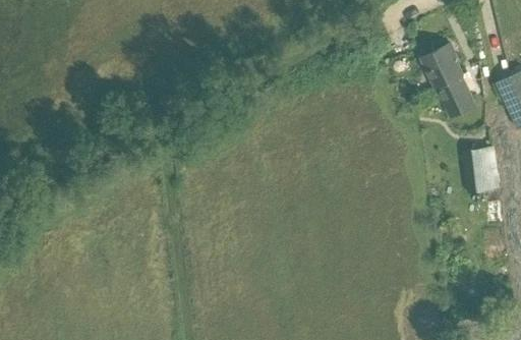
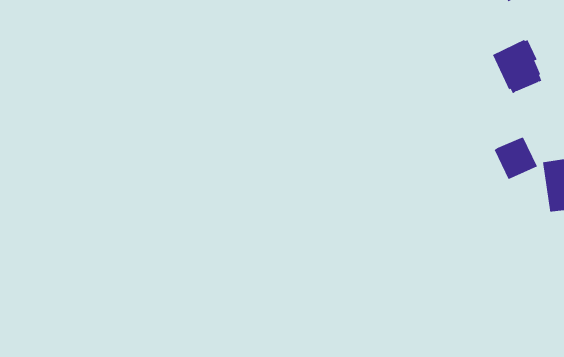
building: [438,78,475,115] -> [494,137,538,180]

